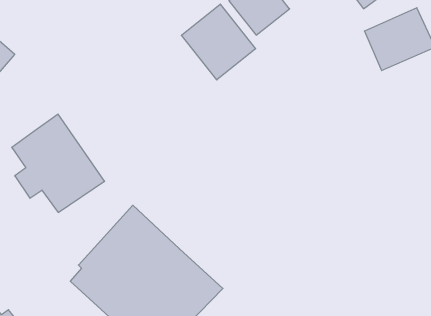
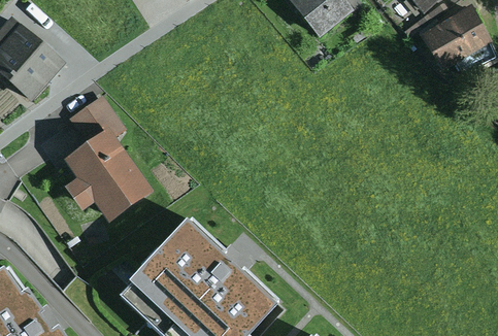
building: [181,4,256,80] -> none
building: none -> [68,95,117,139]

